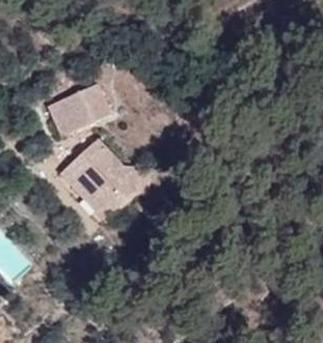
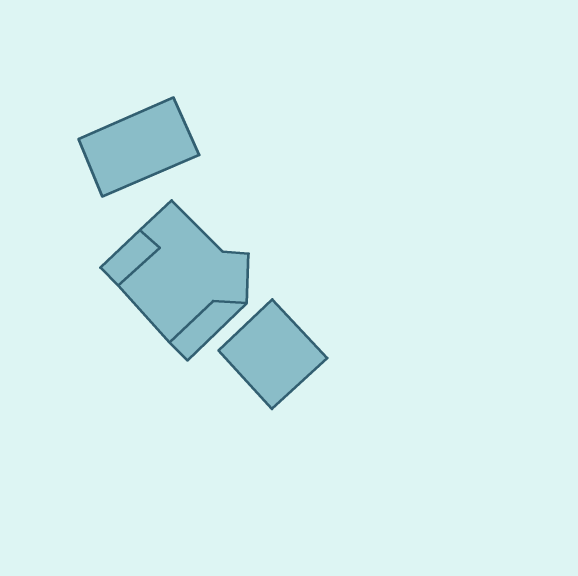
building: none -> [219,299,327,409]

